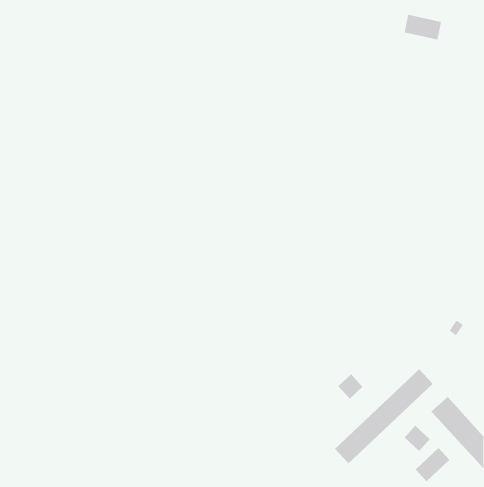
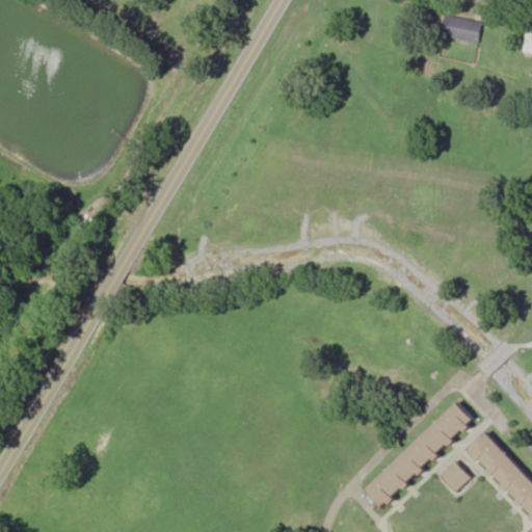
building: [337,373,363,399] -> none
building: [415,447,450,482] -> none

